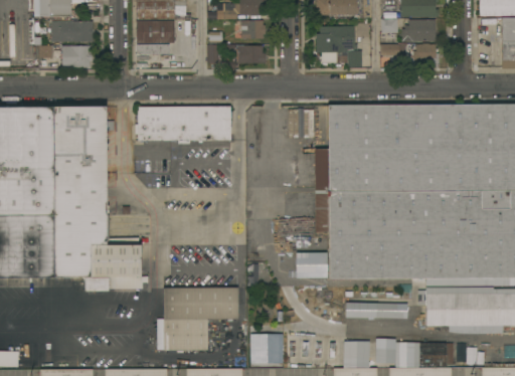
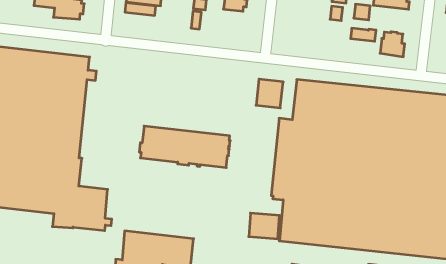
building: [401,20,436,41] -> none
building: [316,26,362,67] -> none
building: [226,44,266,64] -> none
building: [136,107,231,143] -> [139,126,230,168]

